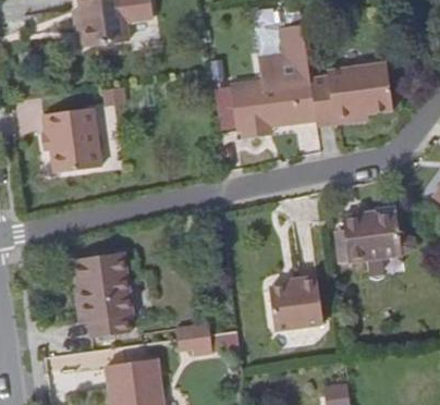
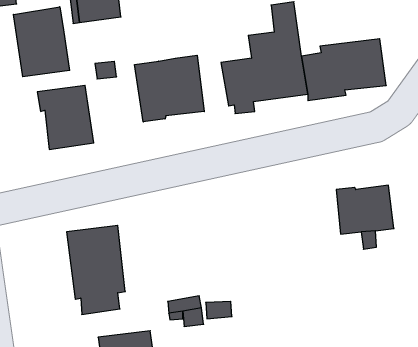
building: none -> [13,7,70,77]
building: none -> [135,55,204,122]
building: [268,279,320,330] -> none

